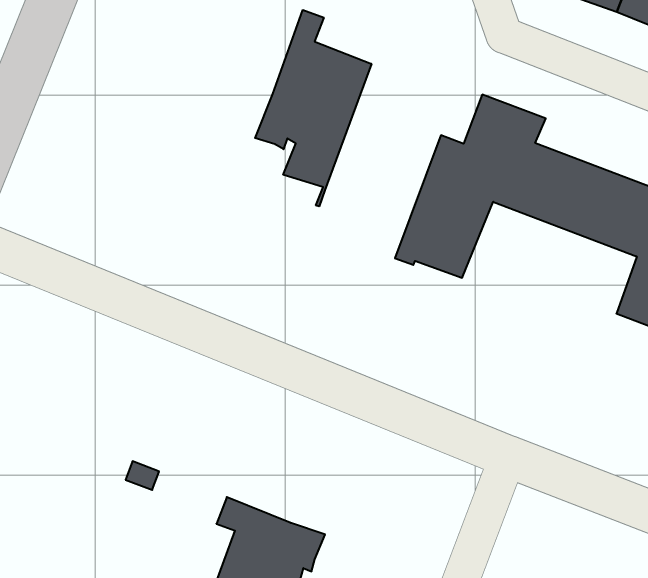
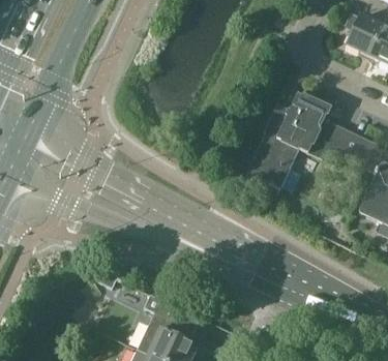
building: [255,10,371,206] -> none

